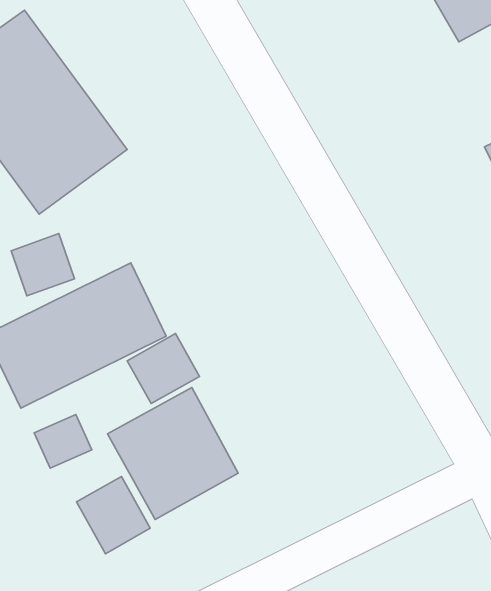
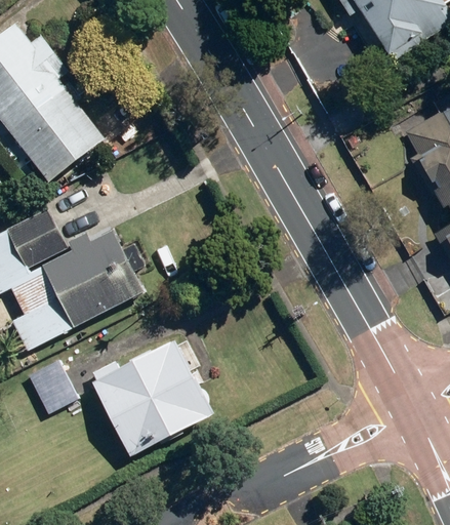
building: [127,333,199,404] -> none
building: [77,476,150,554] -> none

